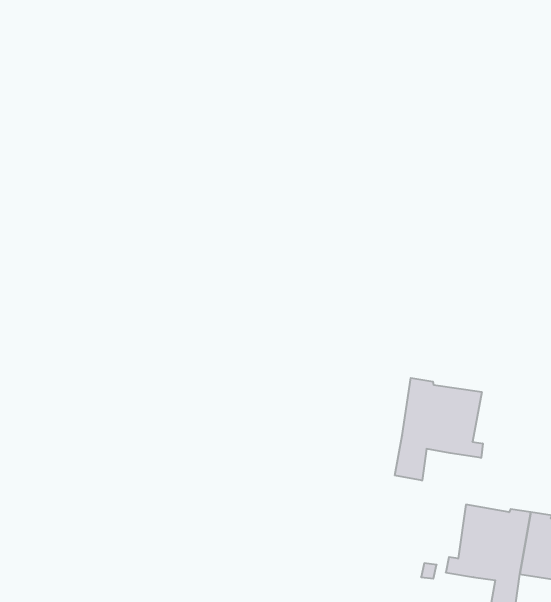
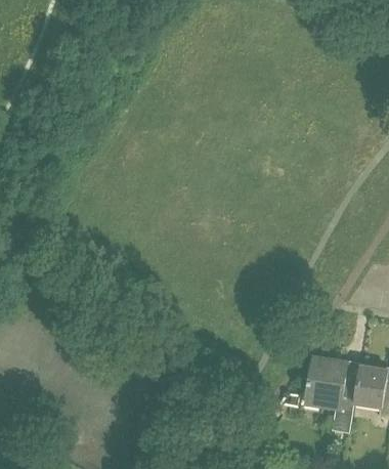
building: [395,378,483,481] -> none

